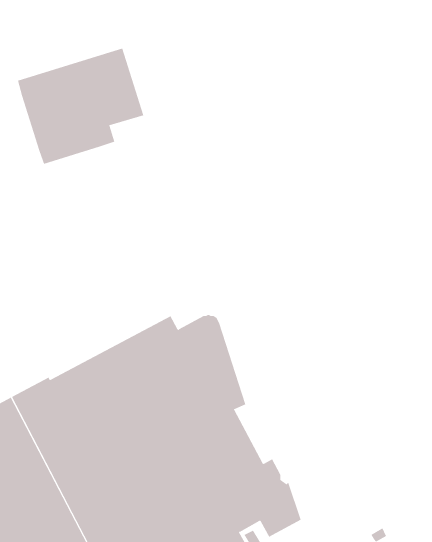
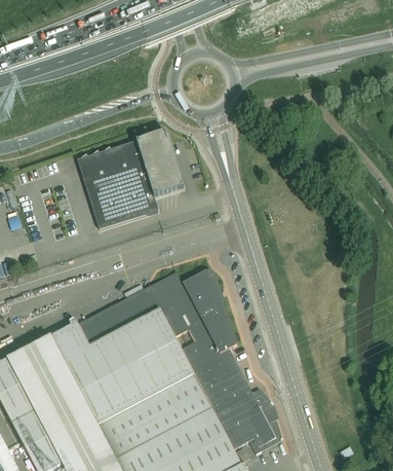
building: [17,48,144,164] -> [77,134,181,229]

